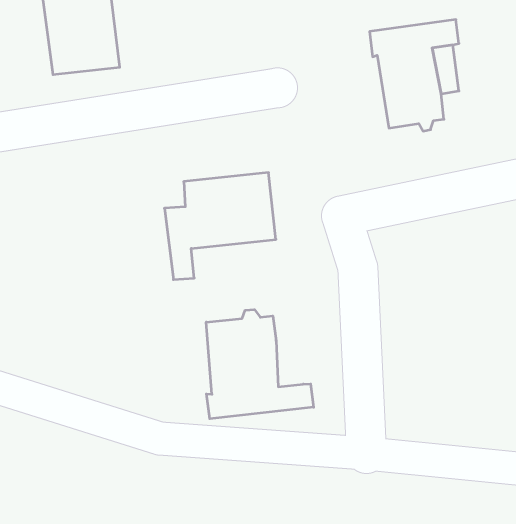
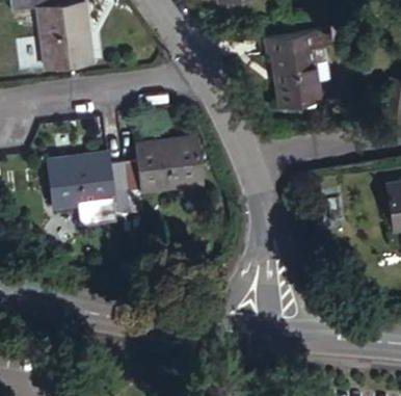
building: none -> [46,154,128,214]
building: [206,310,314,419] -> none

